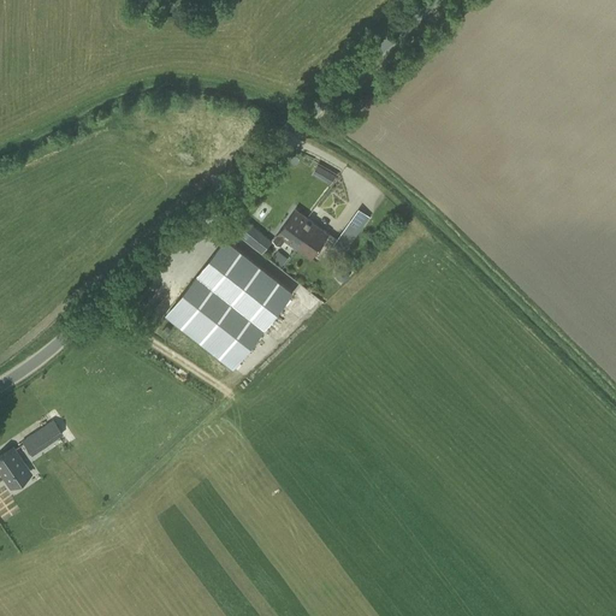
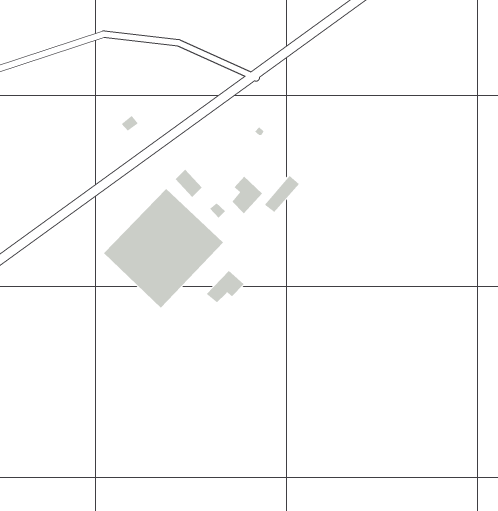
building: [273,212,308,249] -> none
building: none -> [206,270,244,303]

